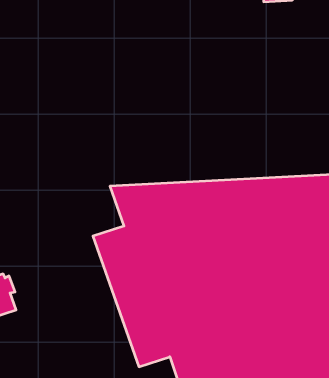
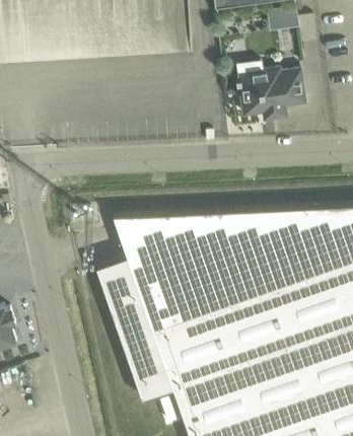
building: none -> [238,71,305,122]

